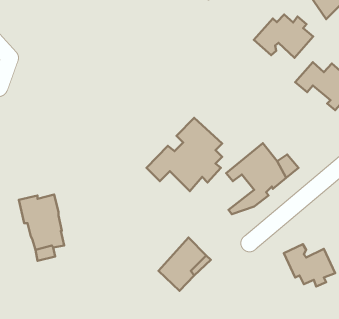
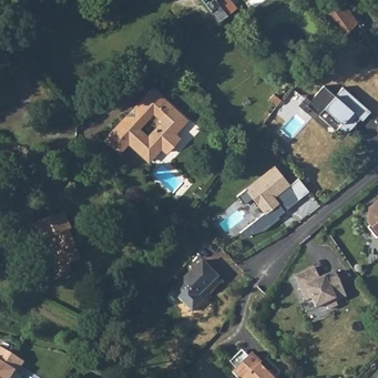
building: [254,15,313,58] -> none
building: [147,118,222,191] -> [103,88,178,161]

